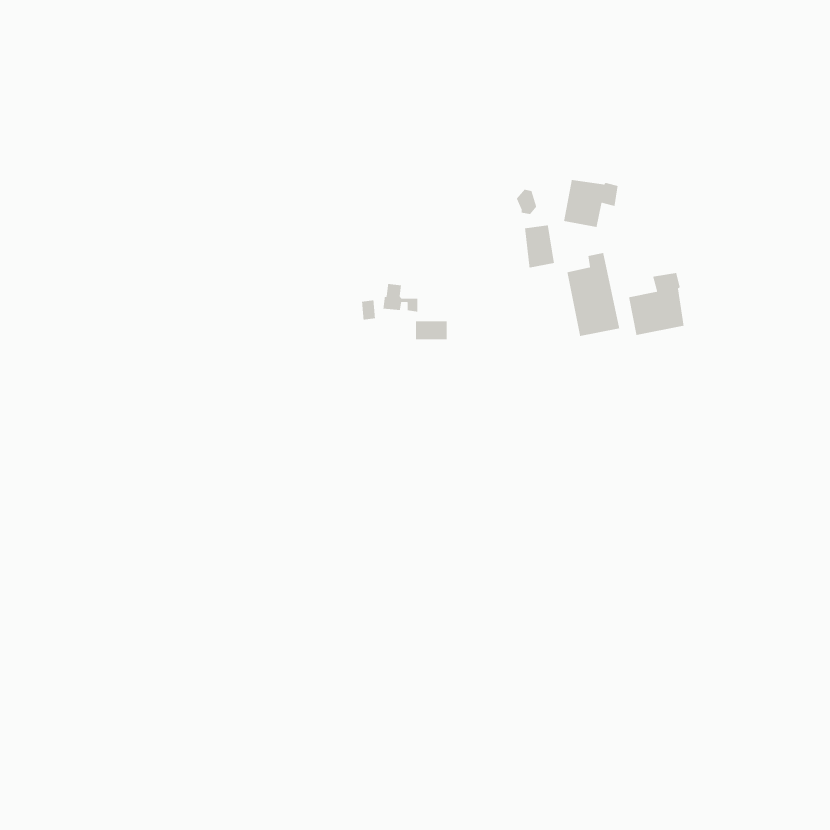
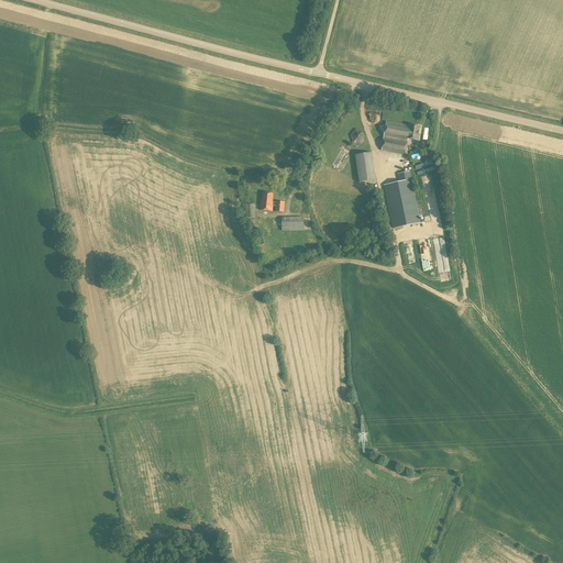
building: [628,272,685,336] -> none

